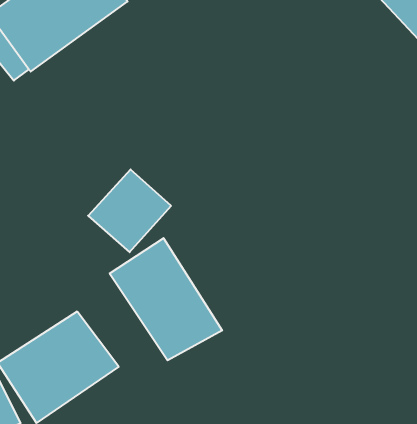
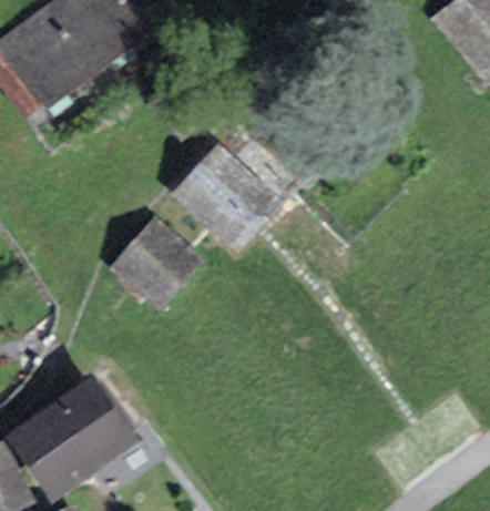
building: none -> [173,144,275,244]
building: [110,238,222,360] -> none

